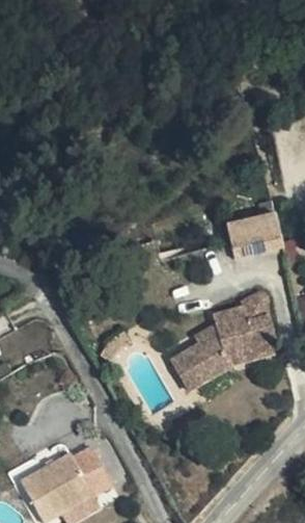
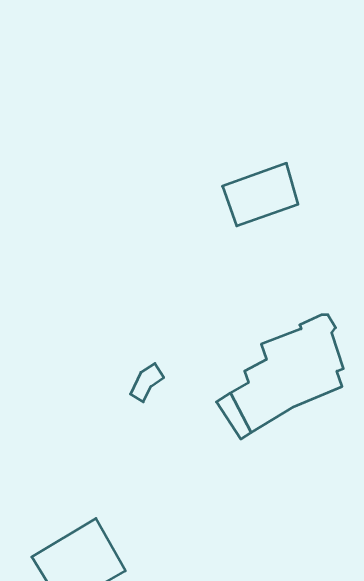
building: [217,205,278,256] -> [222,163,298,226]

